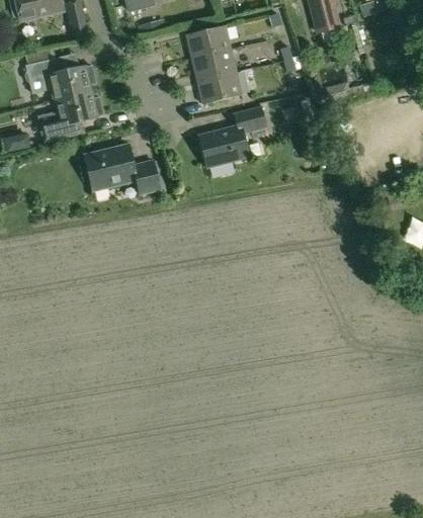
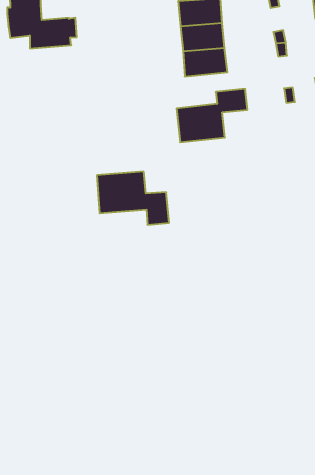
building: [38,90,104,141] -> none
building: [85,144,160,193] -> [97,172,169,225]

